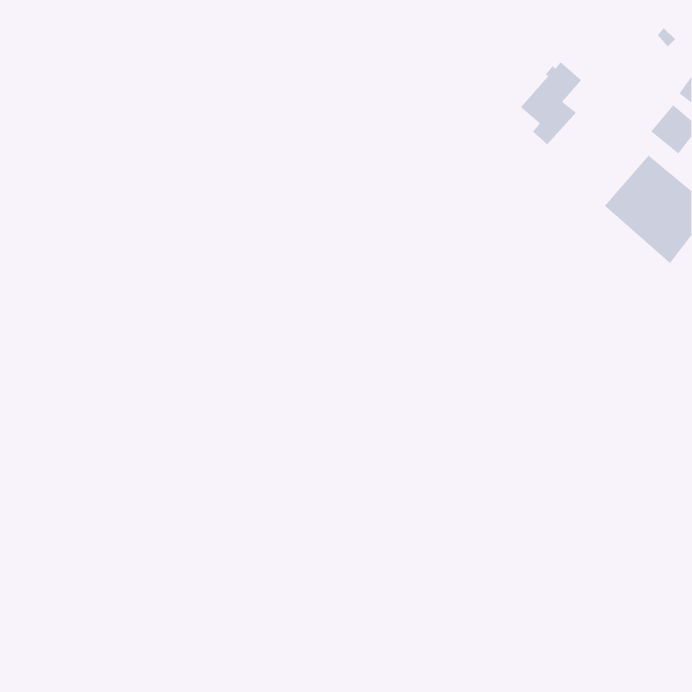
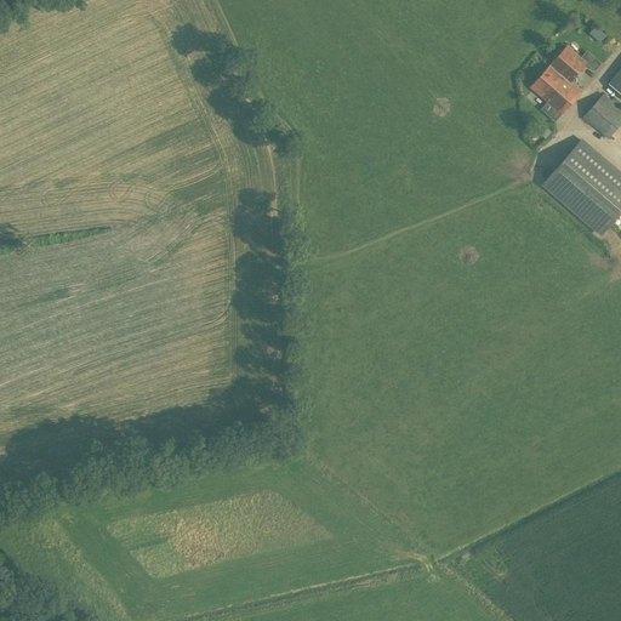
building: [520,61,582,145] -> [530,46,586,121]

